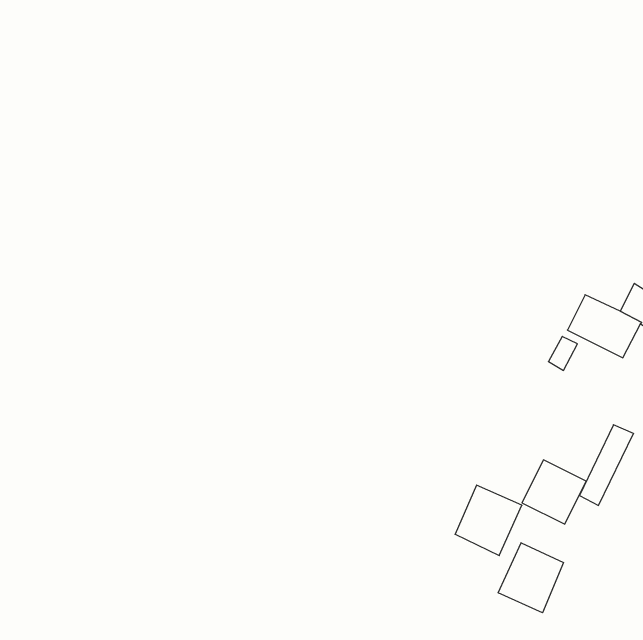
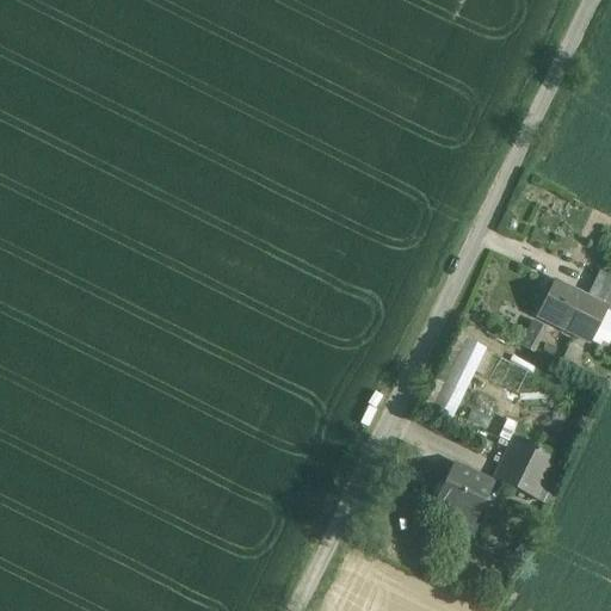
building: [579,425,634,505] -> [436,335,487,412]
building: [498,543,564,613] -> none

